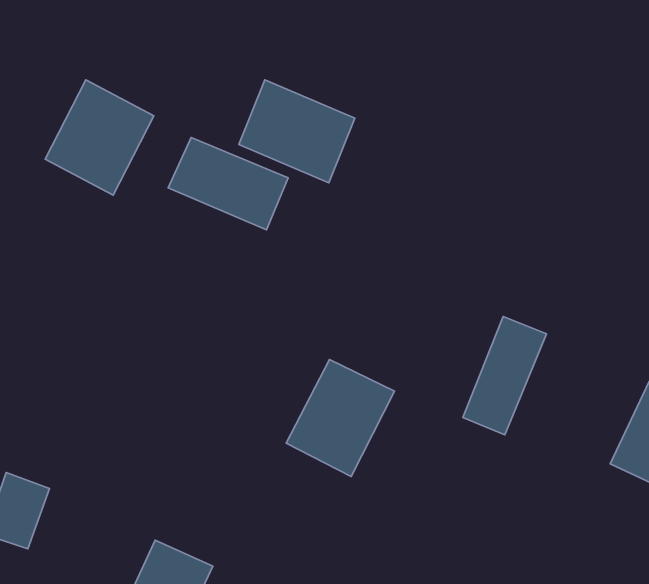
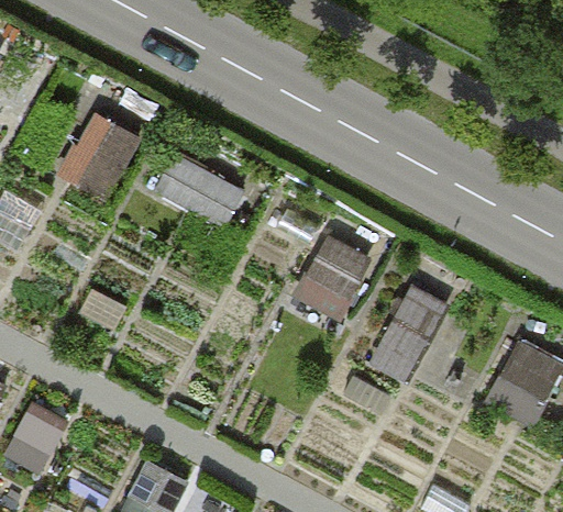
building: [239,80,355,183] -> none
building: [286,359,395,476] -> [294,234,376,323]

